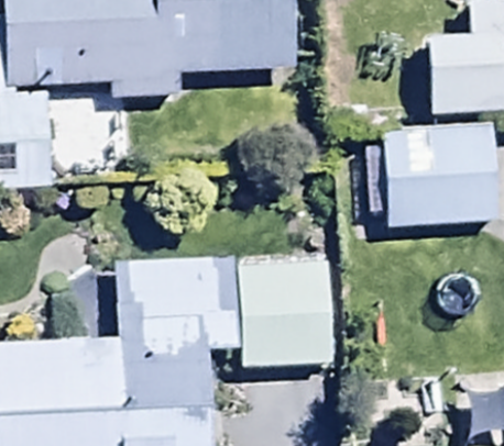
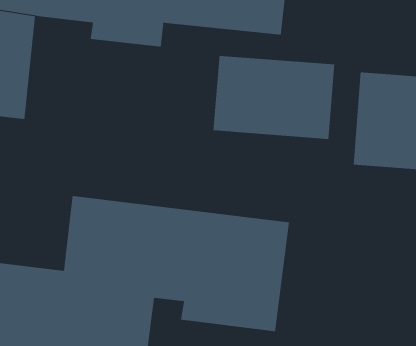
building: none -> [213,55,335,140]

